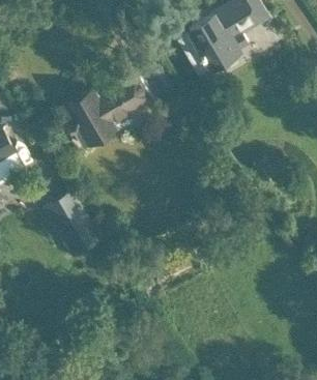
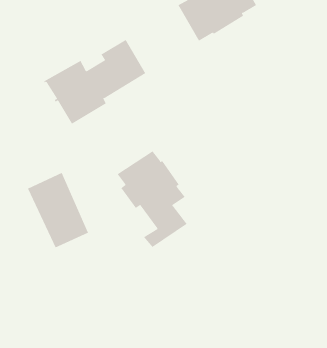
building: none -> [117,150,187,248]

